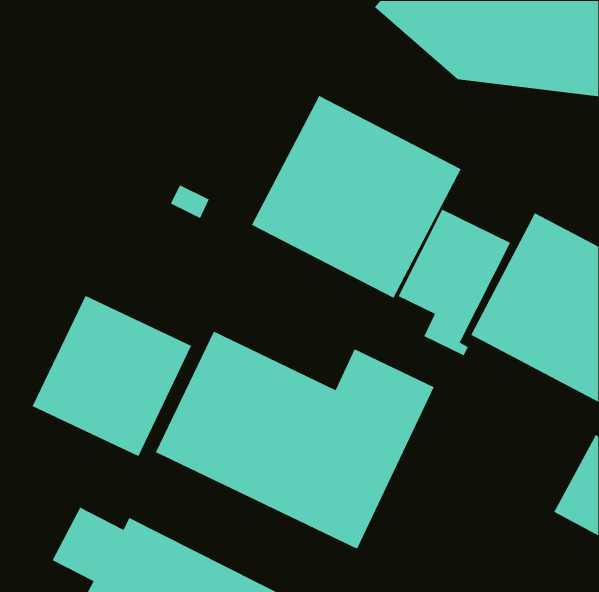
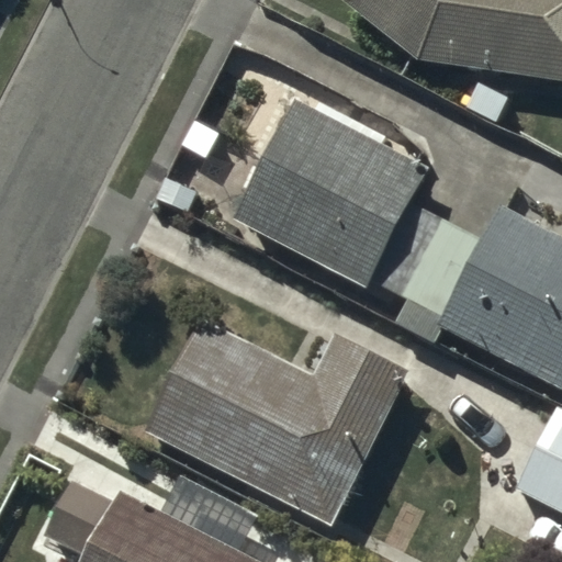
building: [32,295,192,457] -> none

